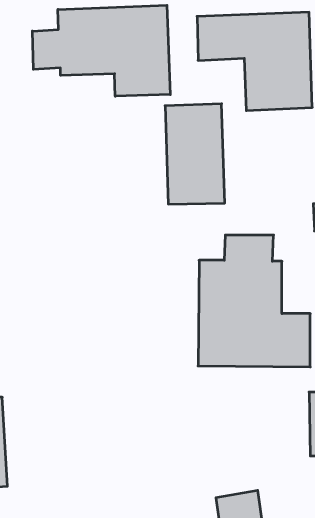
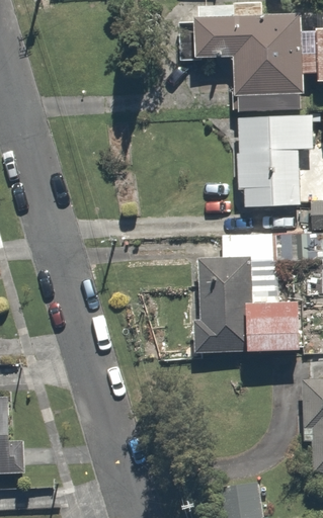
building: [32,5,170,96] -> none
building: [165,104,225,204] -> [238,114,296,211]

